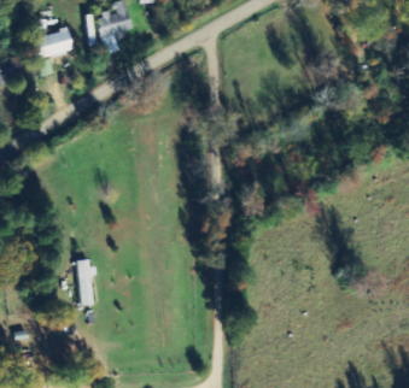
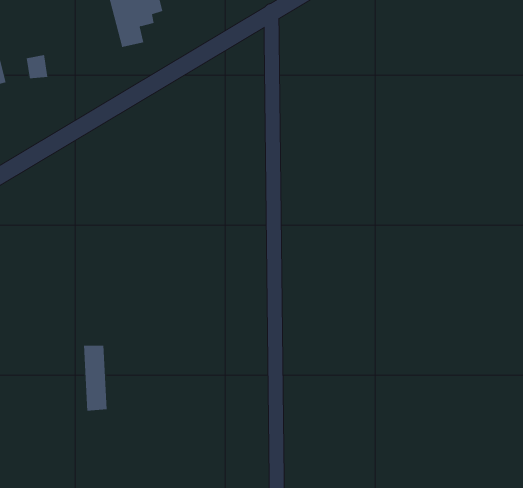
building: [31,29,74,58] -> none

